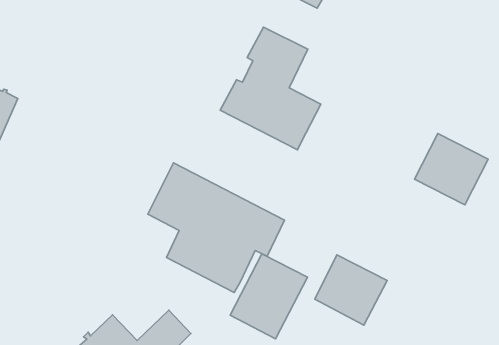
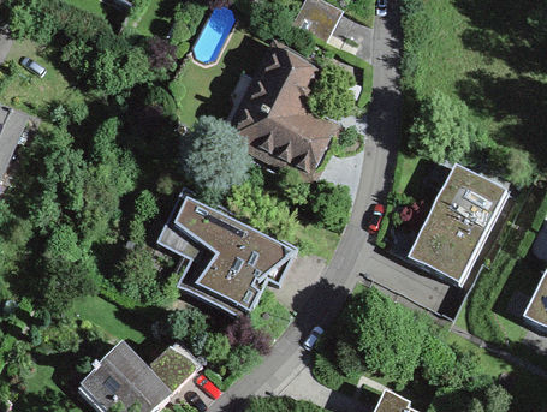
building: [230,254,307,339] -> none
building: [315,255,387,325] -> [406,207,481,279]

